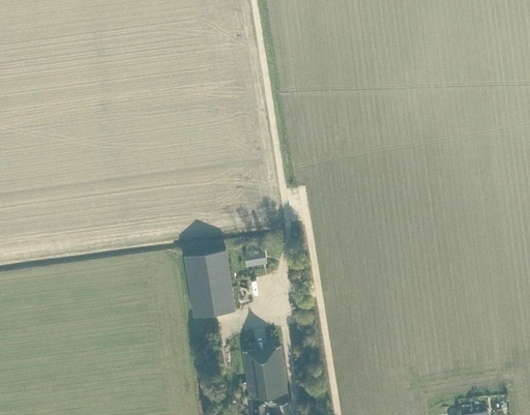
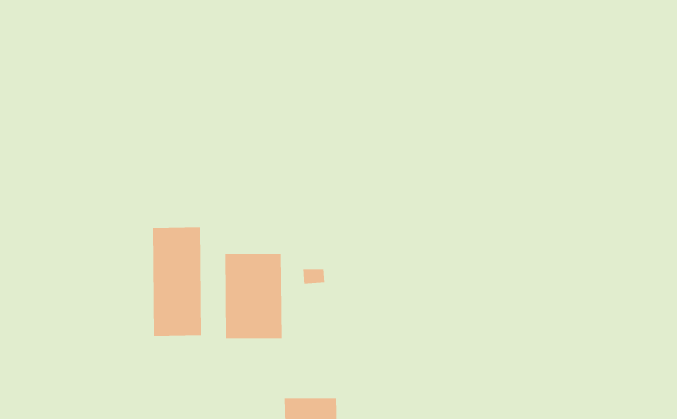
building: none -> [152,226,202,337]

